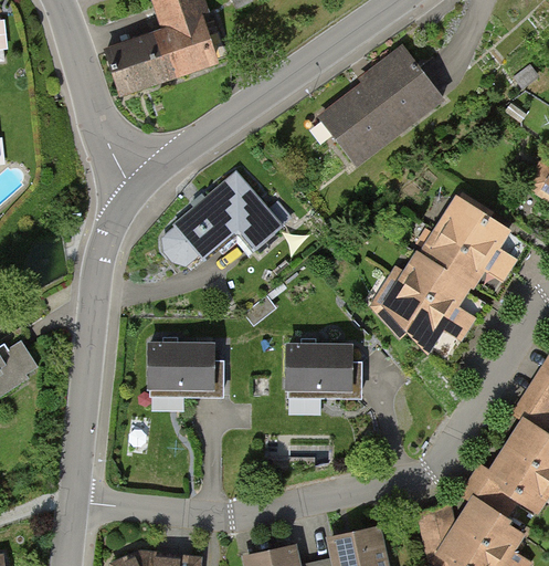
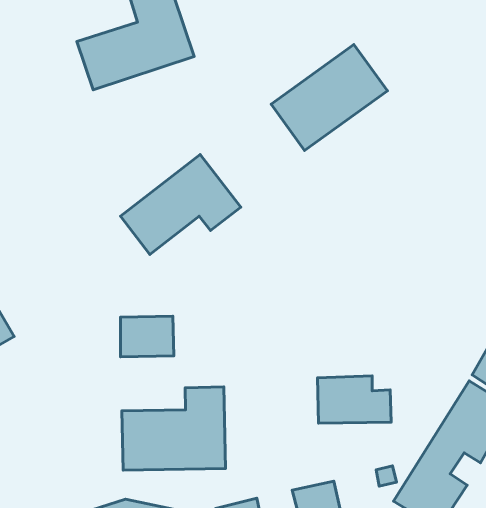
building: [389,201,510,348] -> none
building: [282,352,362,403] -> [317,376,391,423]
building: none -> [122,387,225,470]

